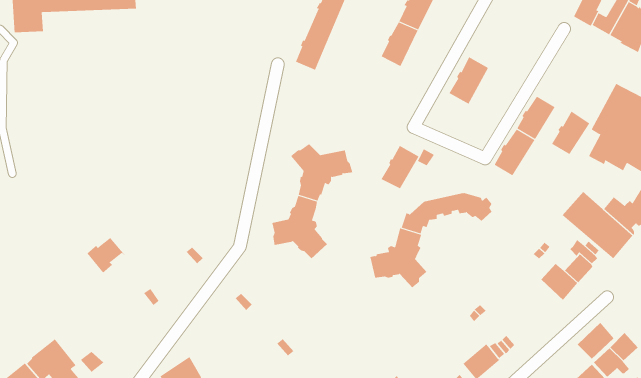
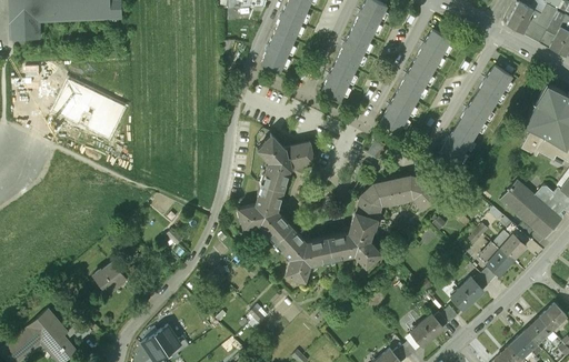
building: none -> [416,30,450,70]
building: none -> [322,60,356,100]
building: [551,111,590,155] -> [476,66,510,104]
building: [381,145,420,189] -> [381,92,416,131]
building: [87,237,126,274] -> [92,261,127,293]
building: none -> [277,225,332,276]
building: [577,322,614,360] -> [450,276,483,310]

